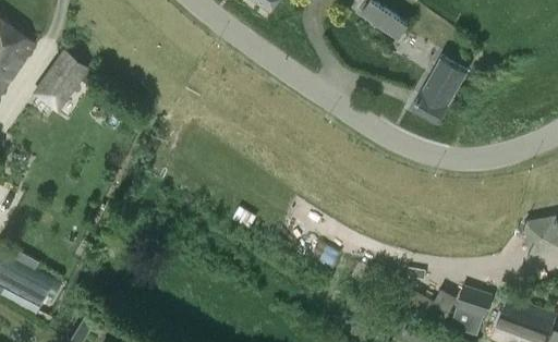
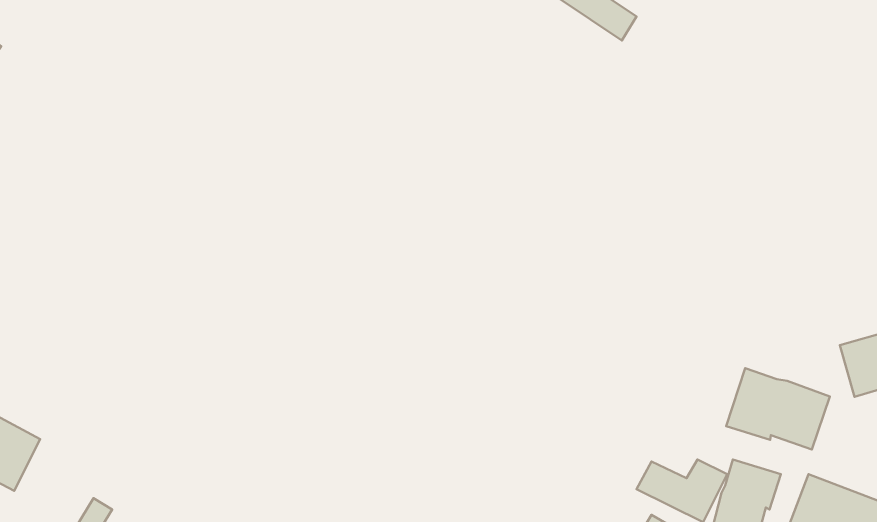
building: [44,52,85,97] -> none
building: [411,57,464,126] -> none
building: none -> [726,368,830,449]

